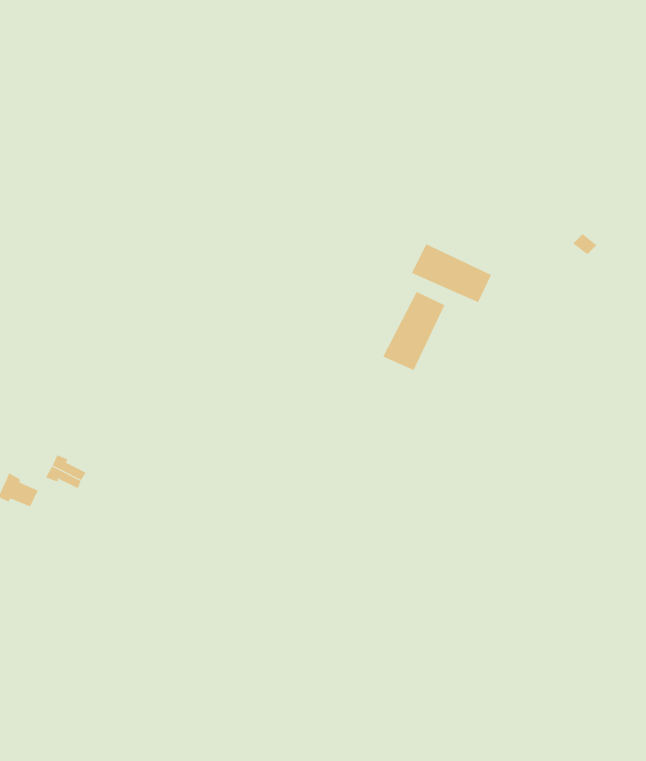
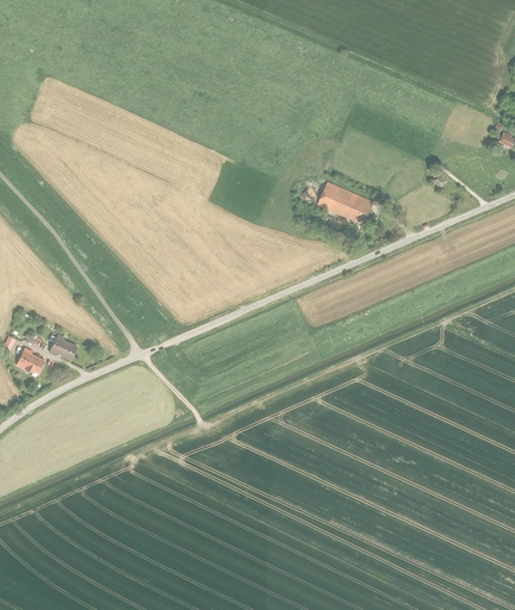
building: [383,291,445,371] -> none

